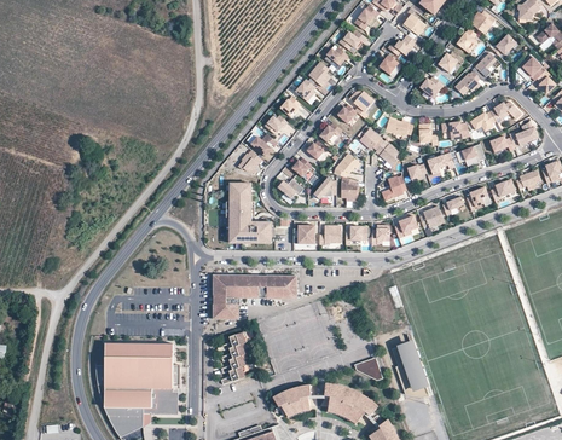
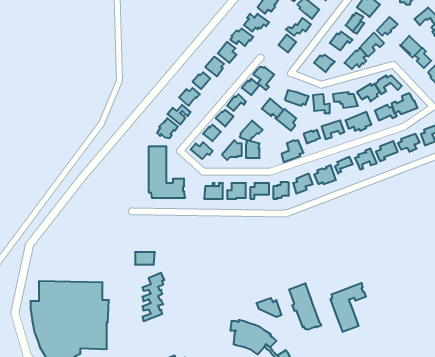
building: [213,276,257,295] -> none
building: [266,276,296,295] -> none
building: none -> [330,283,366,332]
building: [272,384,311,417] -> none

